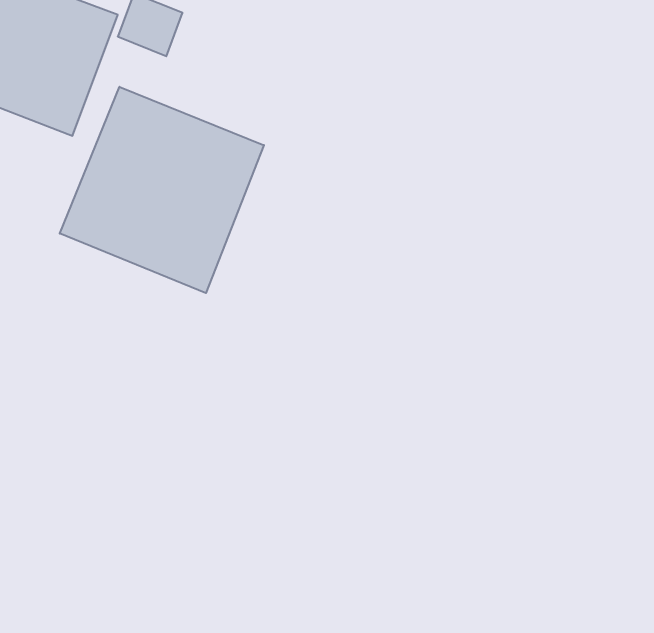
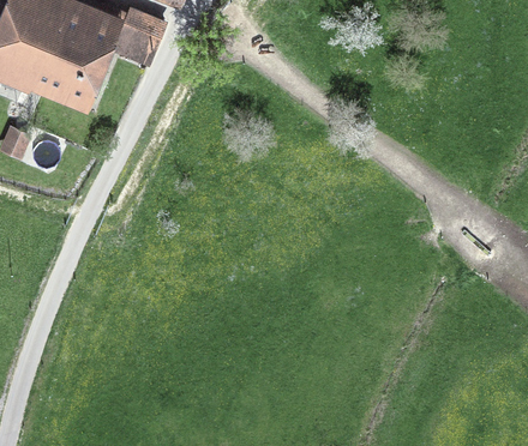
building: [60,87,264,293] -> none

